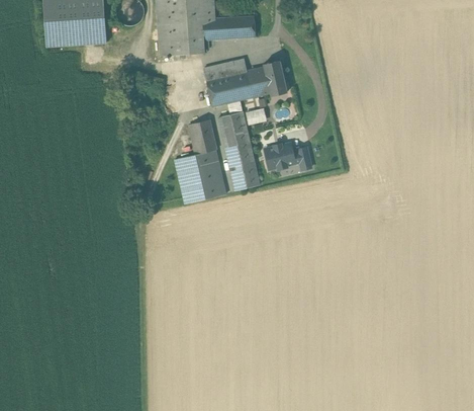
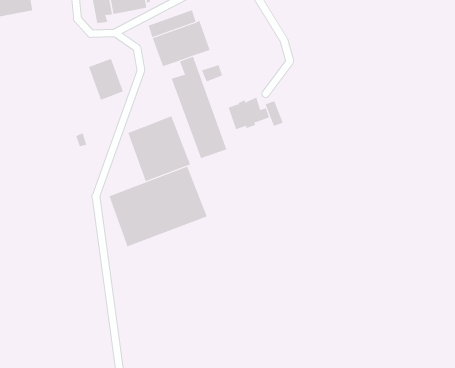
building: [250,60,287,96] -> none
building: [188,118,216,154] -> [88,58,124,100]
building: none -> [109,166,207,247]

